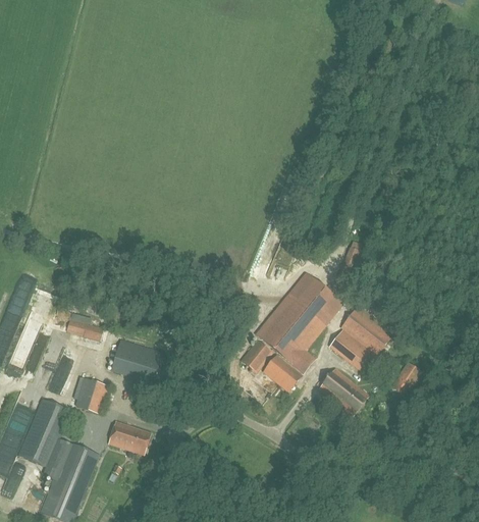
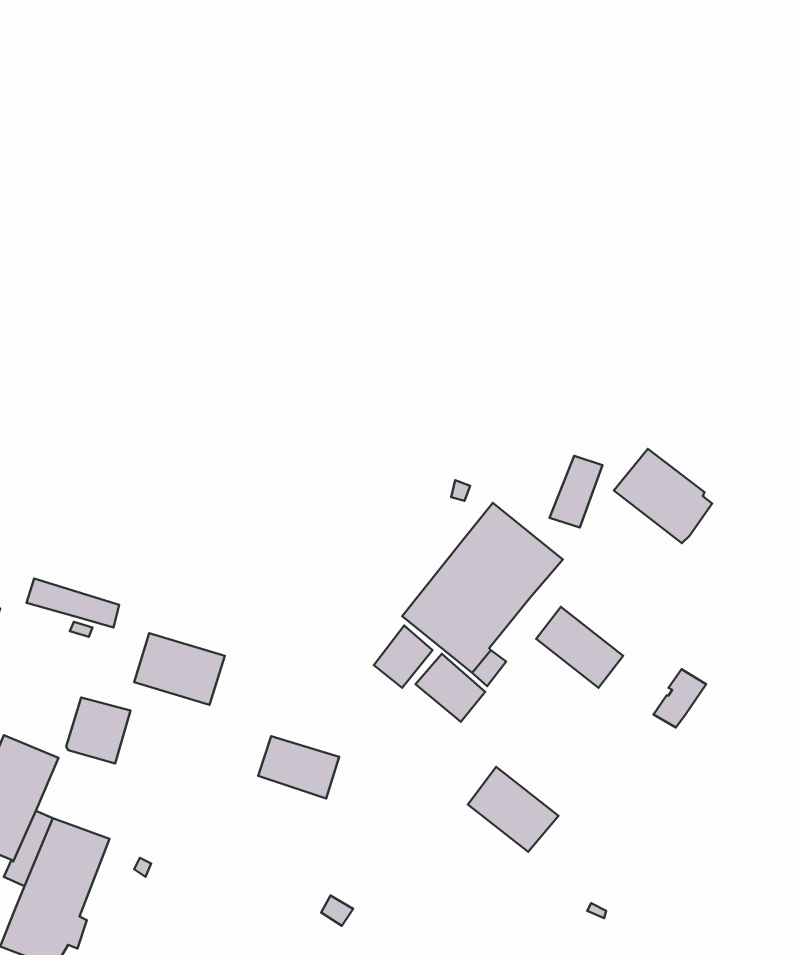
building: [339,304,392,355] -> [614,449,712,543]
building: [319,368,368,414] -> [468,767,558,852]
building: [107,420,151,454] -> [258,736,339,799]

